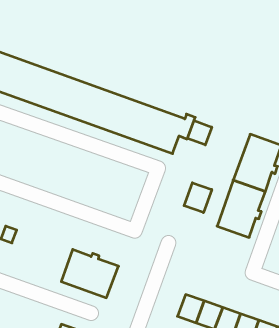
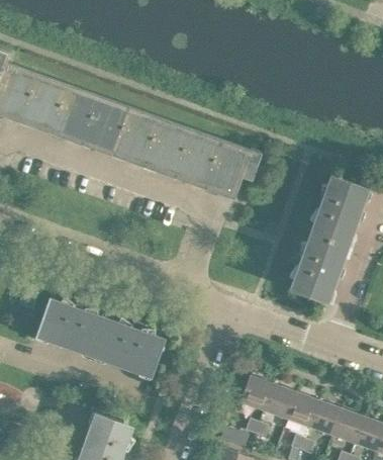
building: [188,121,212,145] -> none
building: [184,183,212,213] -> none
building: none -> [35,298,108,359]

